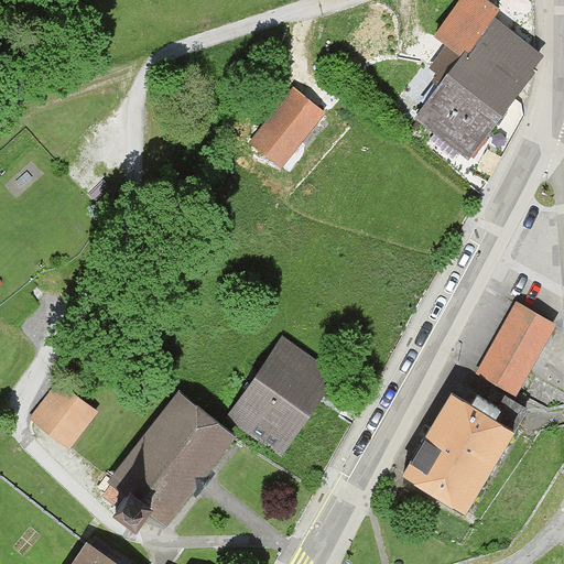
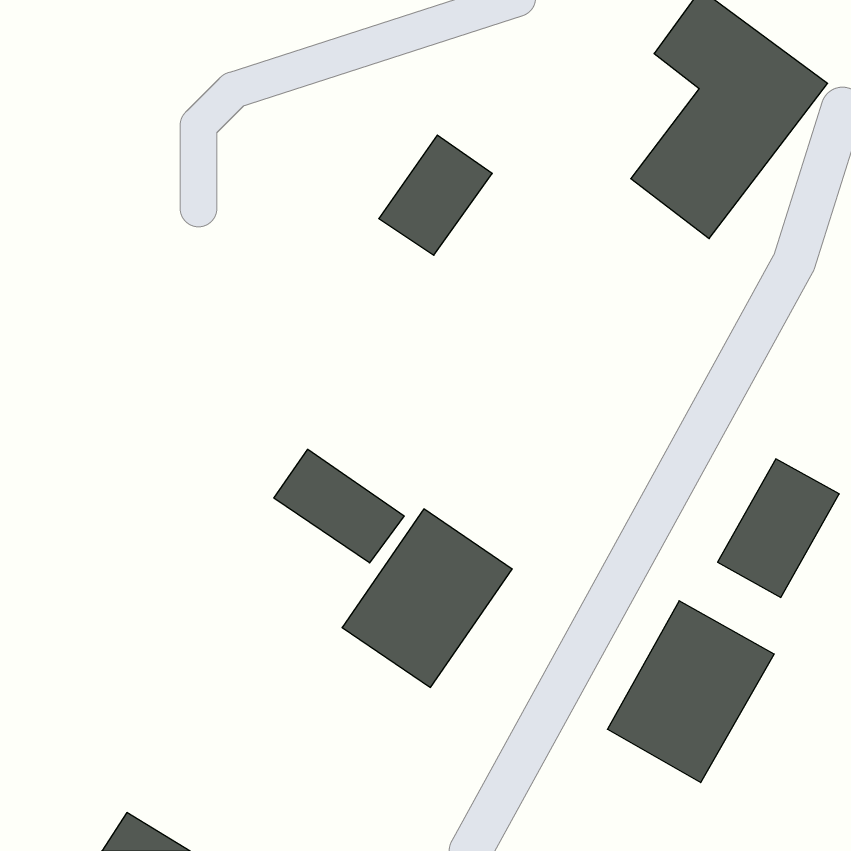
building: none -> [274,449,404,563]
building: [30,383,97,451] -> none
building: [112,393,237,529] -> none

